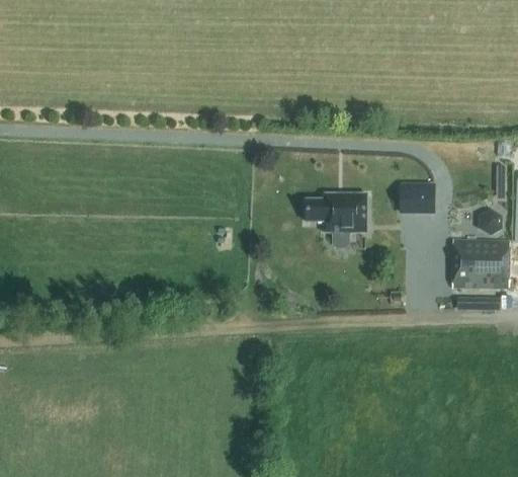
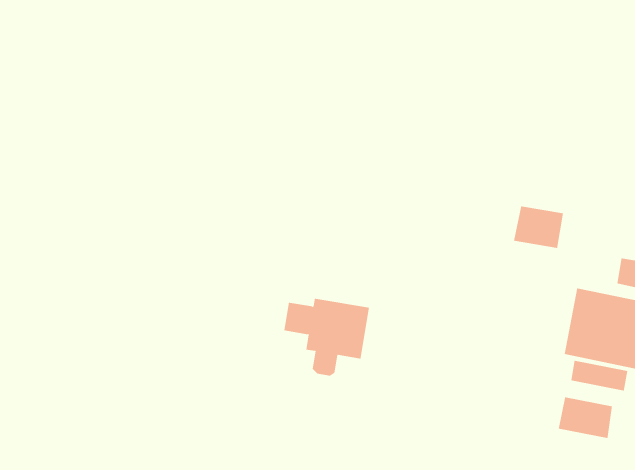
building: [307,192,366,247] -> [283,298,370,376]
building: none -> [558,396,613,439]

